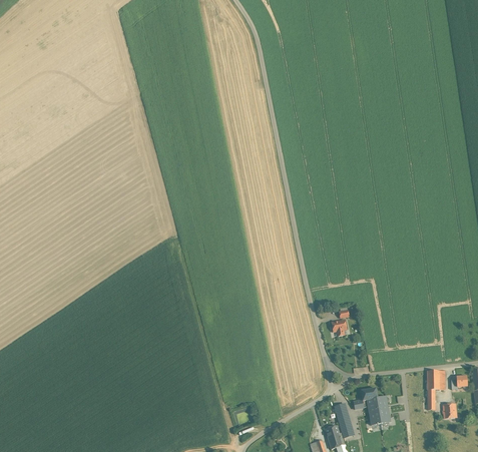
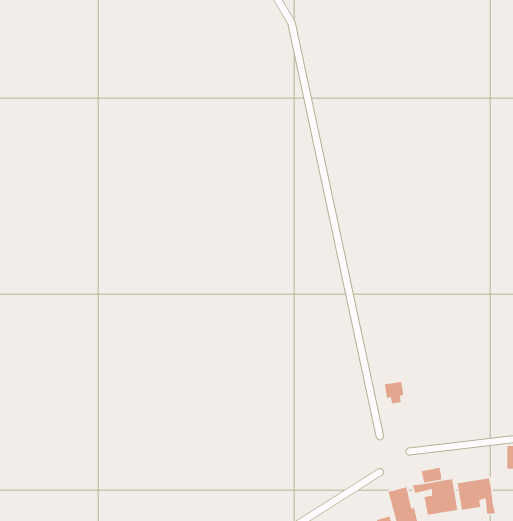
building: none -> [457,477,496,514]

